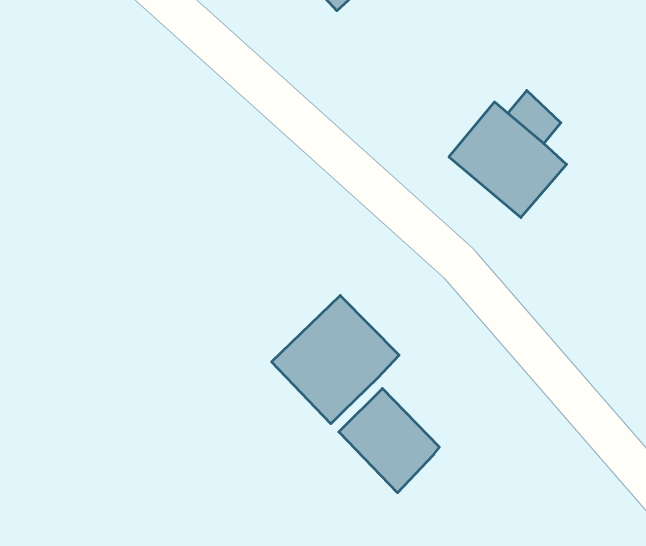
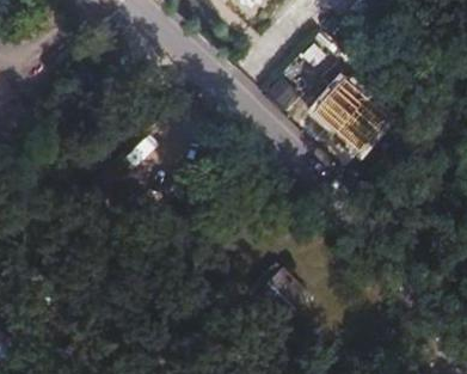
building: [272,295,399,424] -> none

